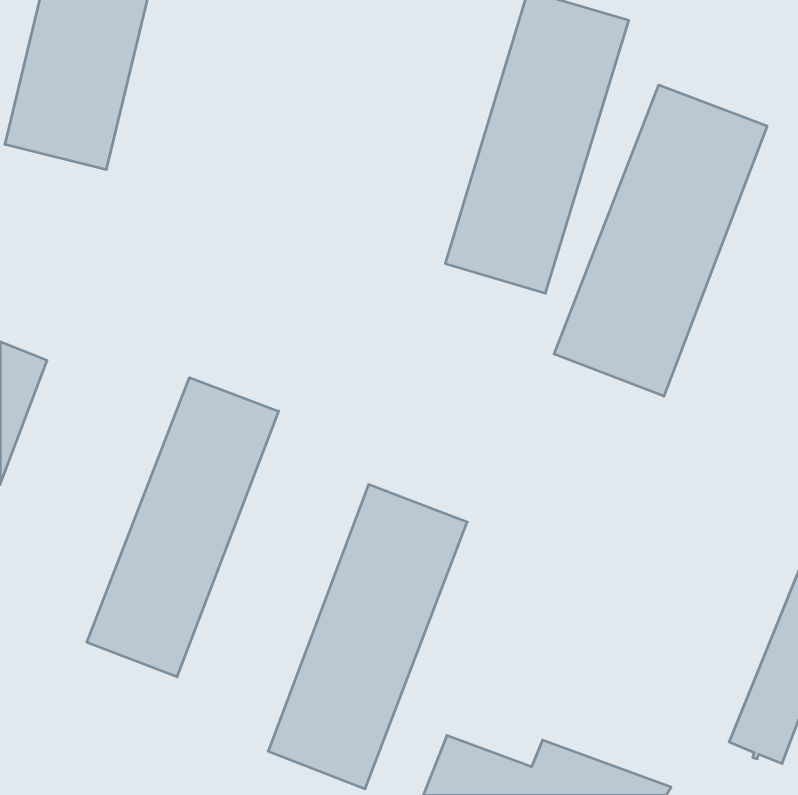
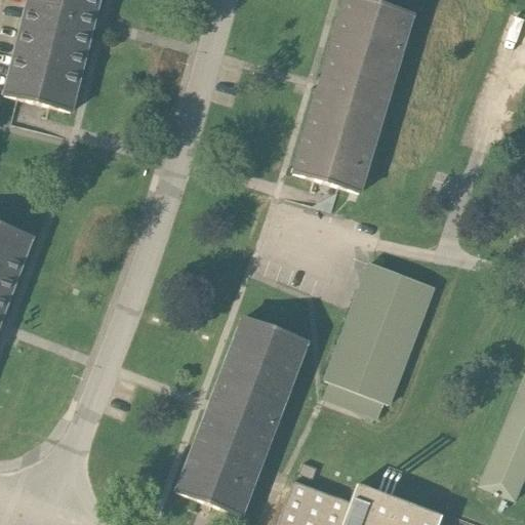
building: [554,85,767,396] -> none
building: [87,378,279,677] -> none
building: none -> [324,261,434,417]

